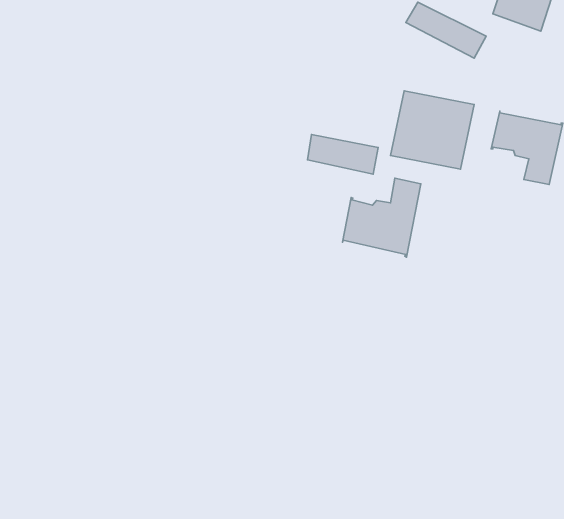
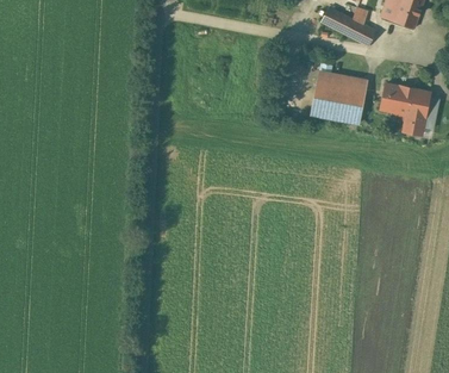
building: [307,134,378,174] -> none
building: [343,178,421,257] -> none

